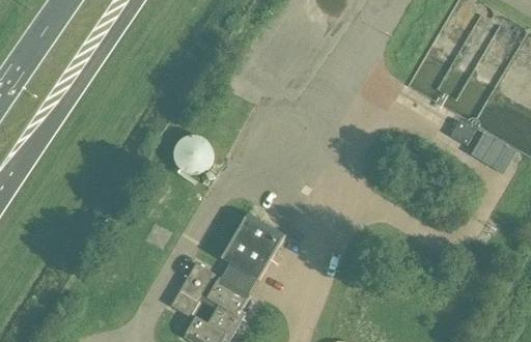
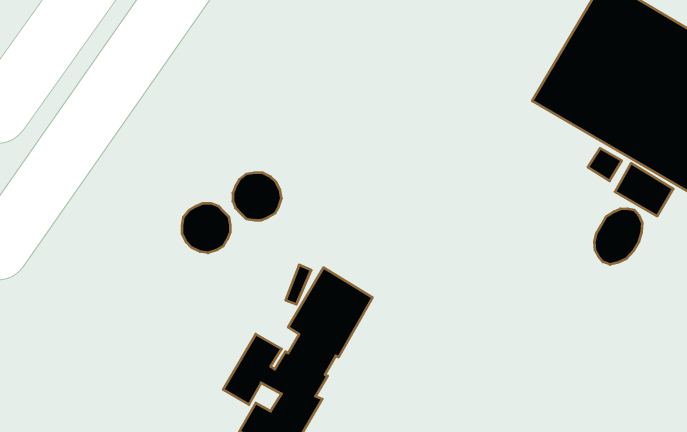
building: none -> [182,203,230,253]
building: none -> [594,209,642,265]

